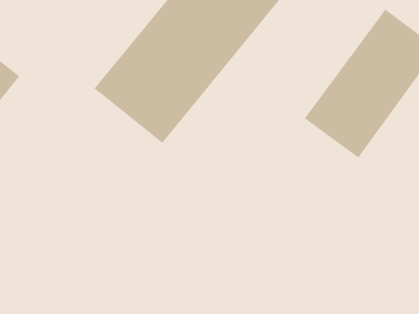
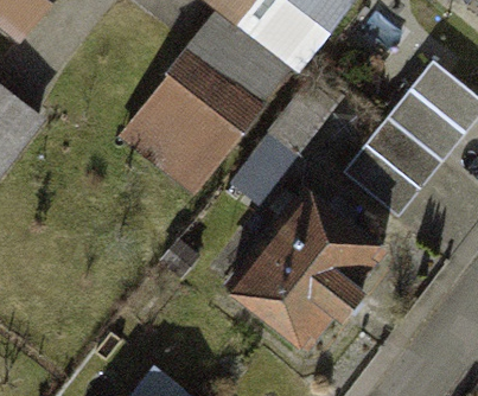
building: none -> [246,189,394,340]

